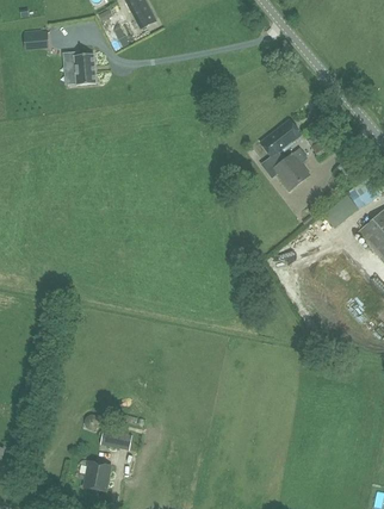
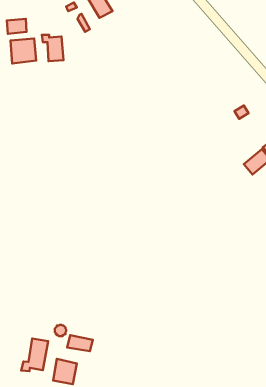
building: none -> [11,39,36,63]
building: [260,119,310,190] -> none
building: none -> [21,338,48,371]

